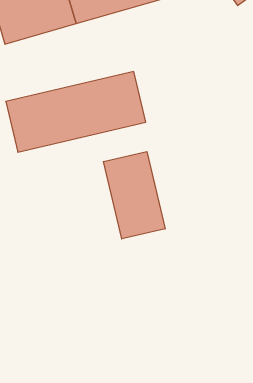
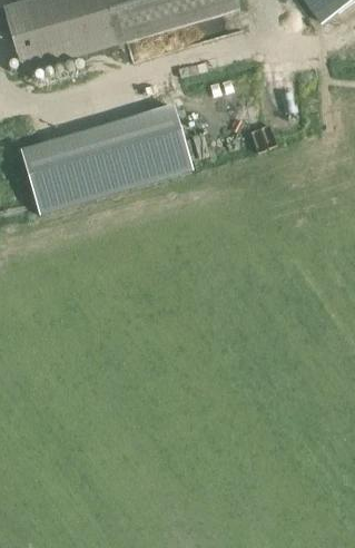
building: [103,152,165,239] -> none

